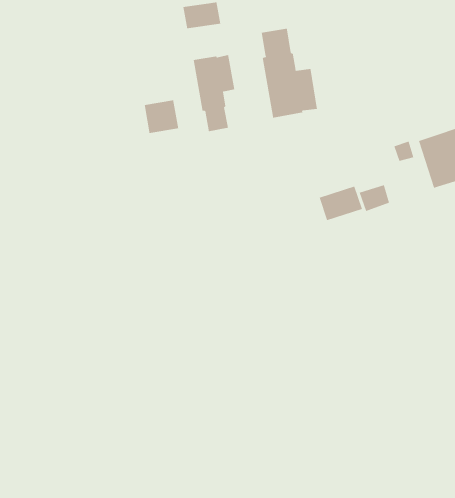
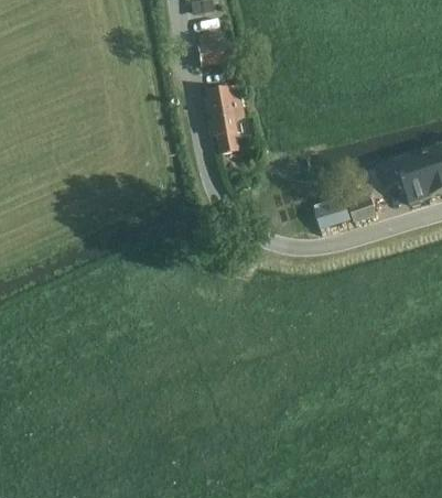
building: [261,28,318,119] -> none
building: [144,100,179,134] -> none

